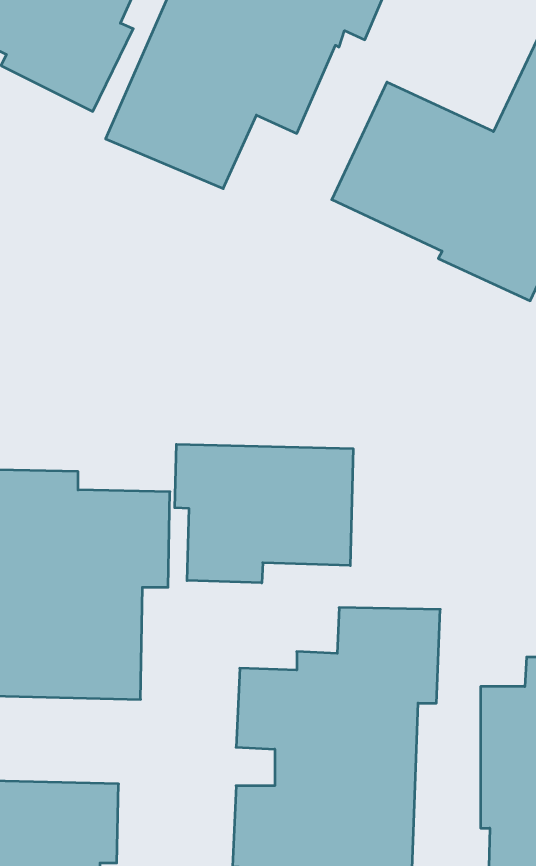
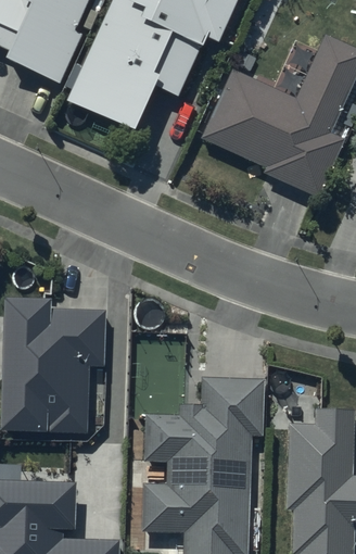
building: [175,444,353,583] -> none

